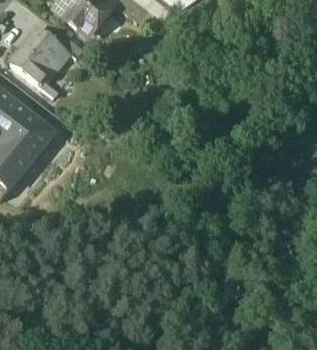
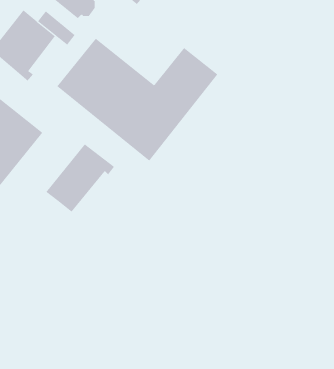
building: none -> [56,38,218,161]
building: none -> [46,143,115,213]

